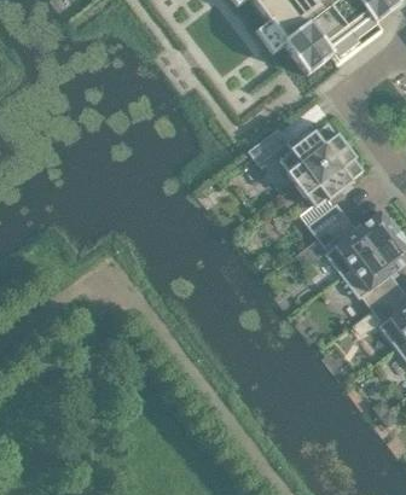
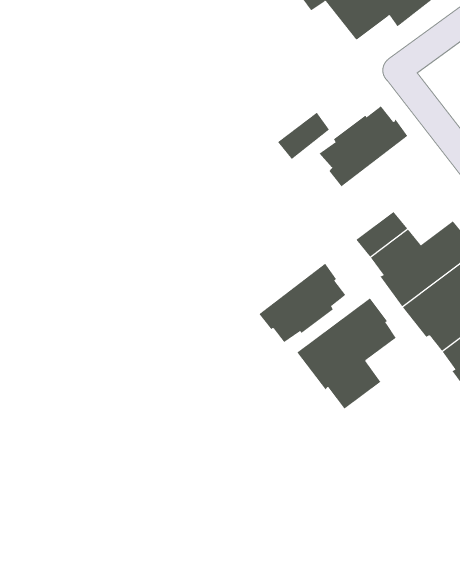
building: [295,146,361,206] -> [258,263,346,343]
building: none -> [297,297,396,409]

